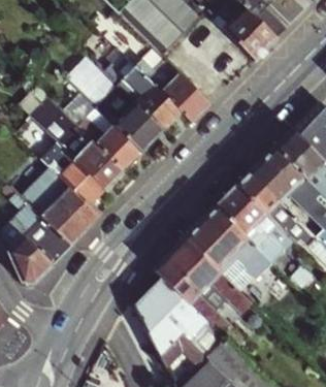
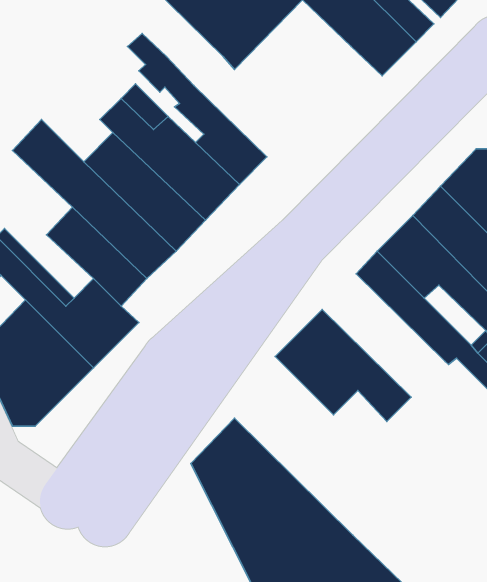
building: [134,47,210,123] -> none
building: [216,186,294,264] -> none
building: [154,238,259,352] -> none

